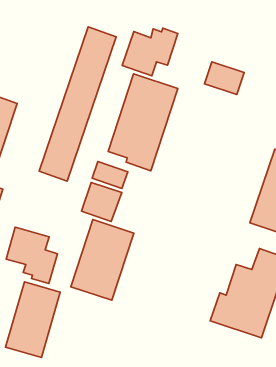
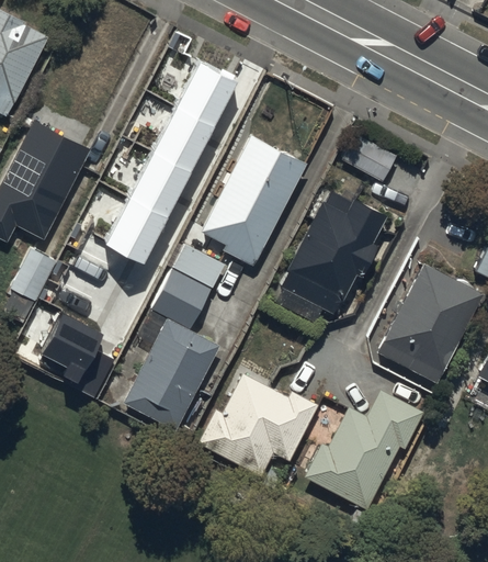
building: [122,28,178,76] -> none
building: none -> [272,202,385,326]
building: none -> [195,374,318,476]
building: [6,282,60,357] -> none

